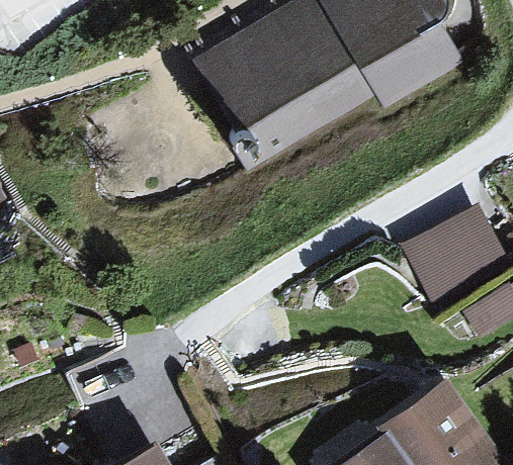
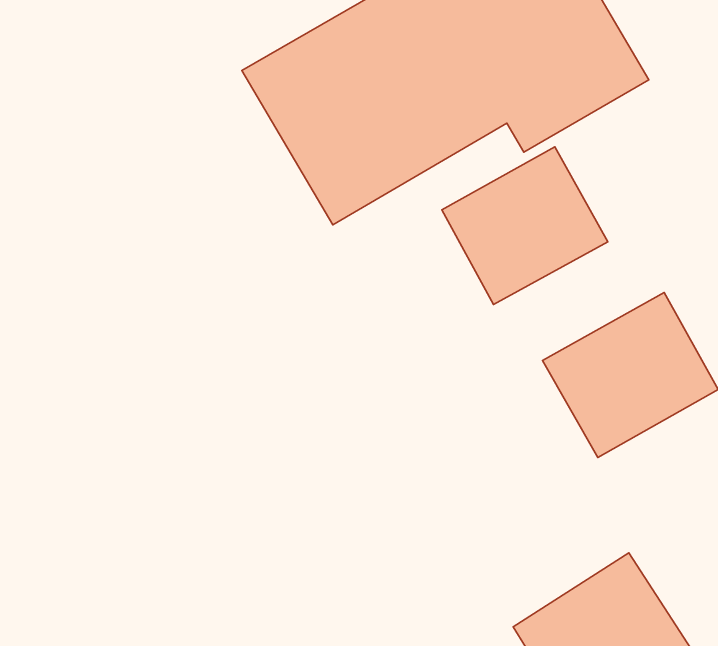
building: none -> [442,147,608,304]

